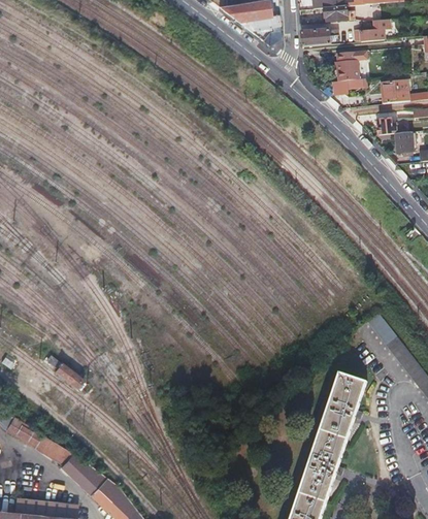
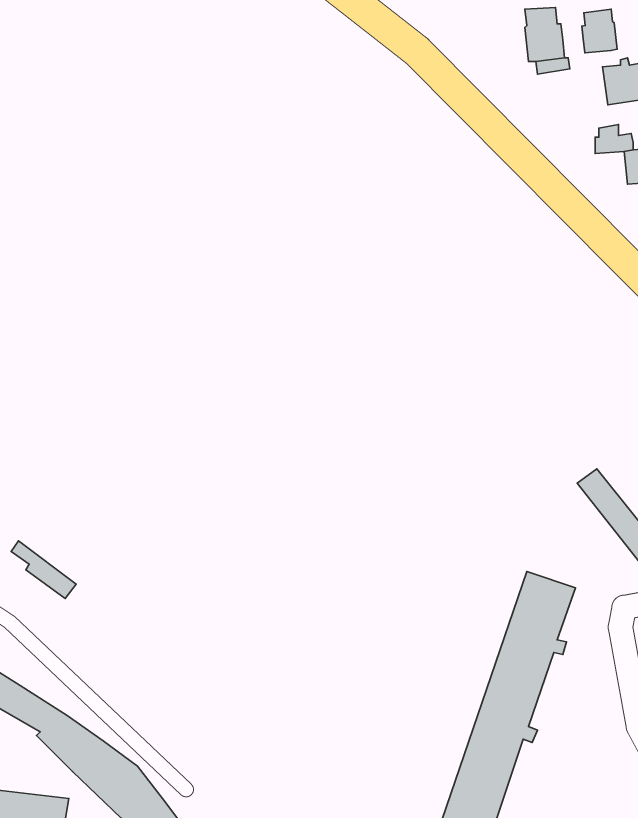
building: none -> [582,9,617,53]

